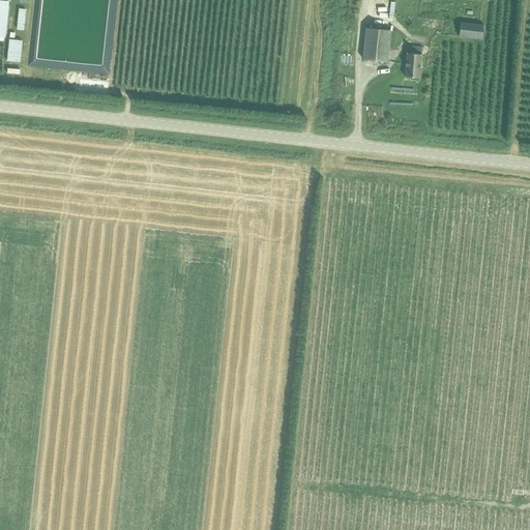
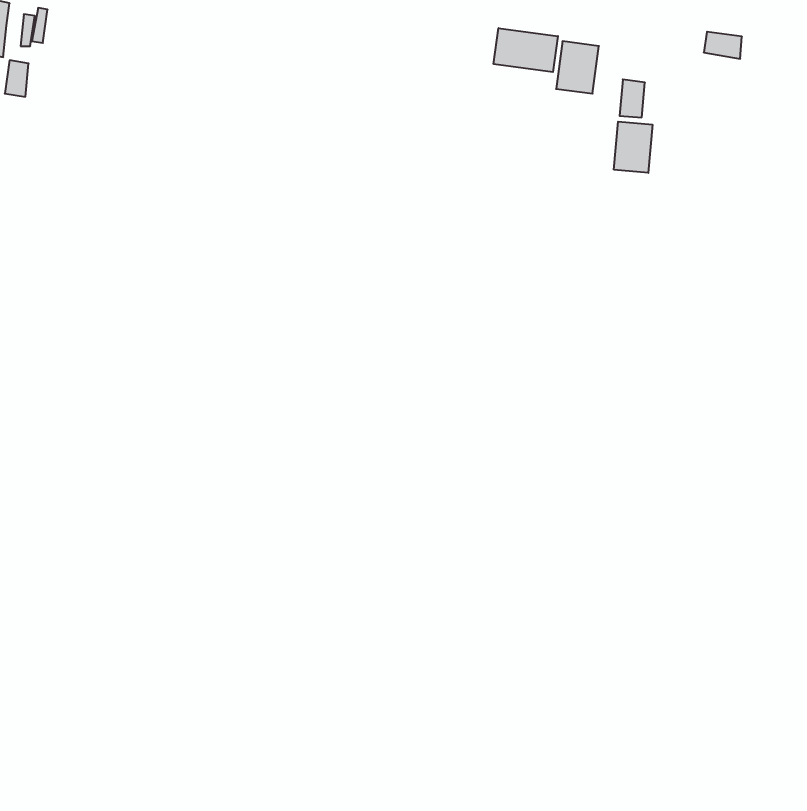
building: none -> [494,28,558,72]
building: none -> [614,122,652,173]

